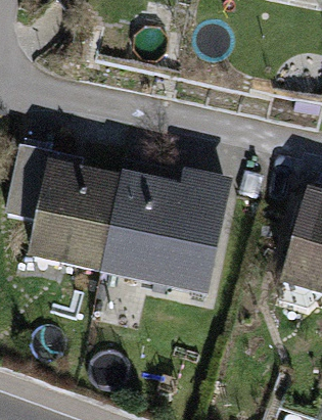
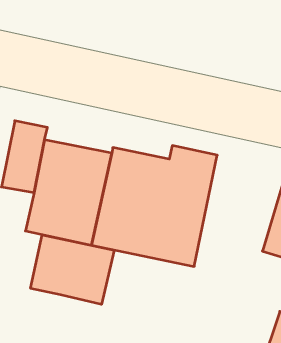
building: none -> [31,235,114,304]

